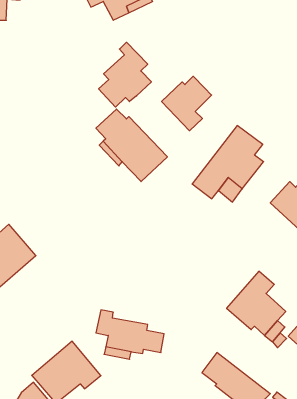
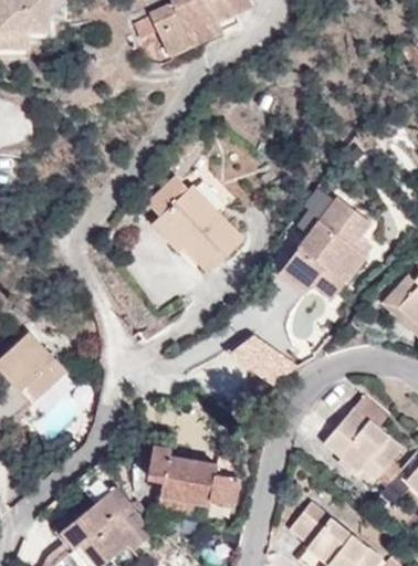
building: [99,42,151,107] -> none
building: [162,76,212,131] -> none

